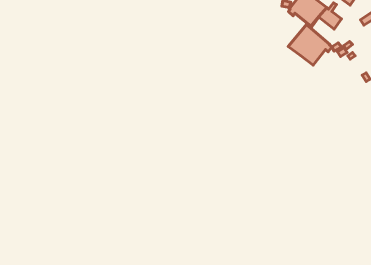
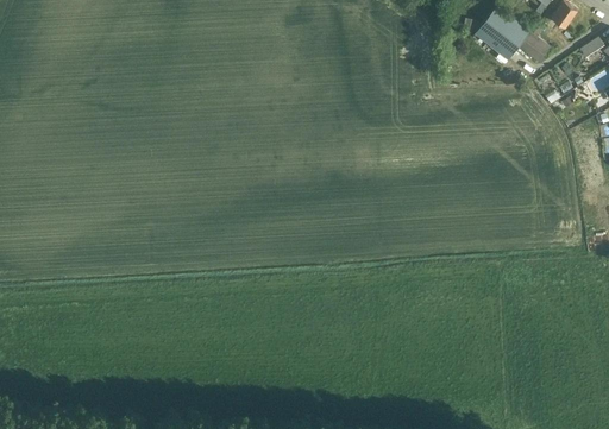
building: [288,25,332,65] -> none

